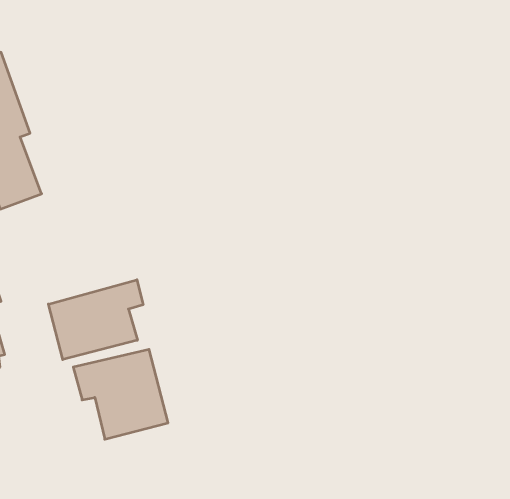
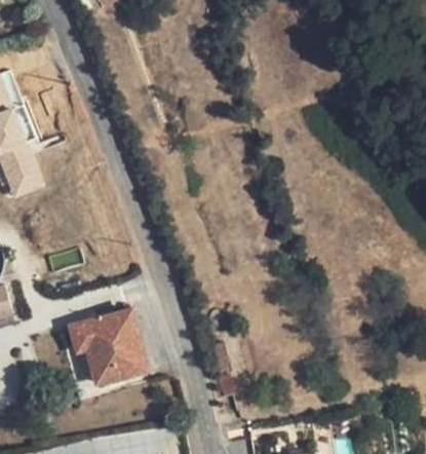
building: [48,280,143,360] -> none

